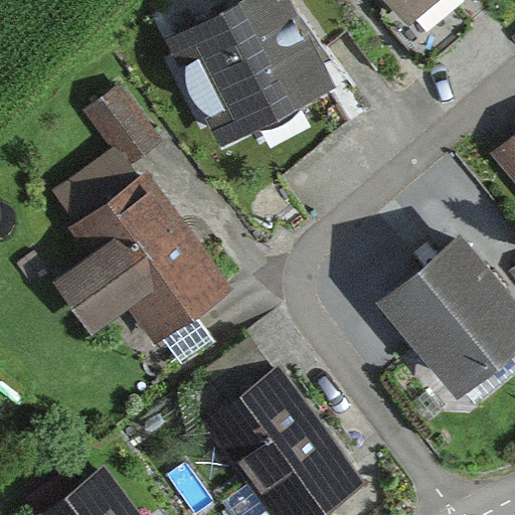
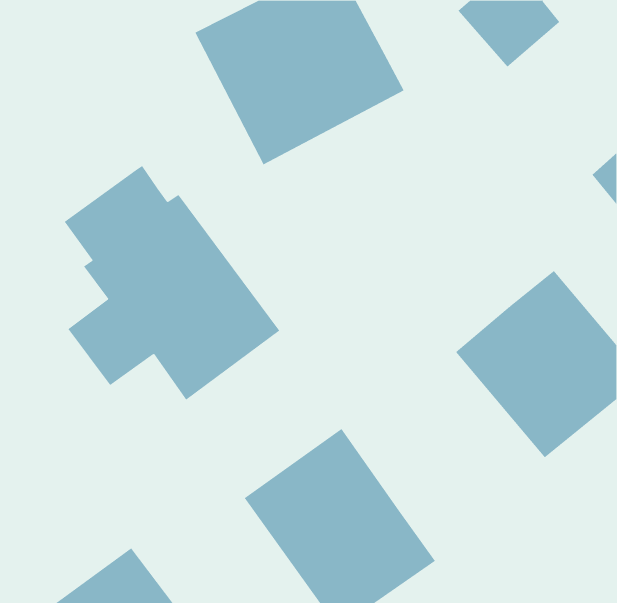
building: [85,88,163,168] -> none

